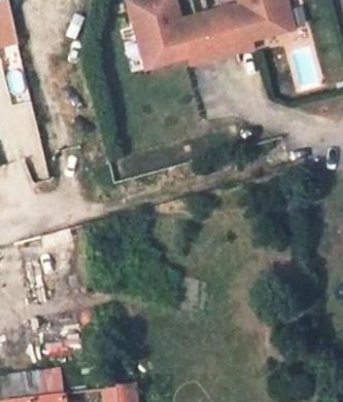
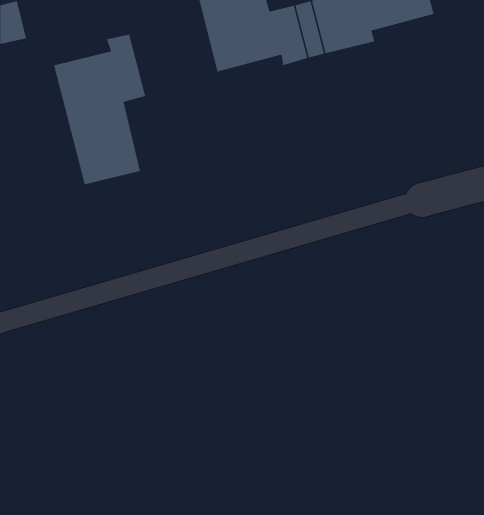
building: none -> [53,34,146,185]

